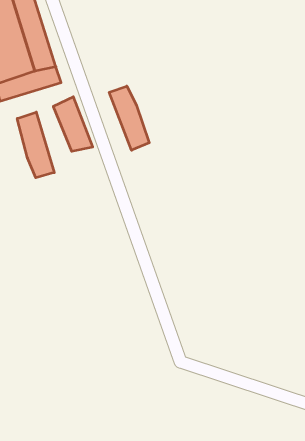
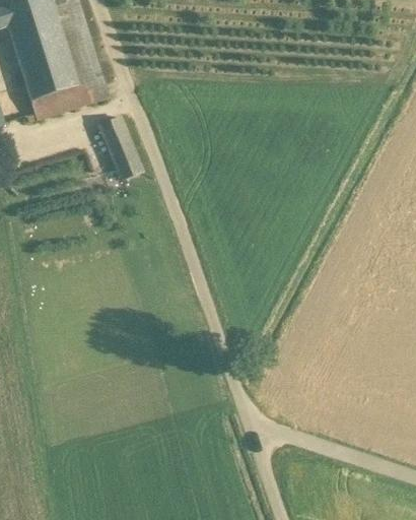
building: [109,86,149,150] -> none
building: [17,112,54,178] -> none

